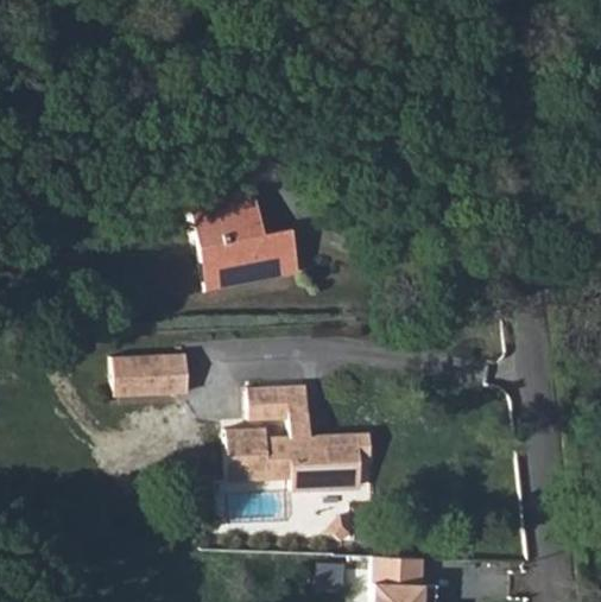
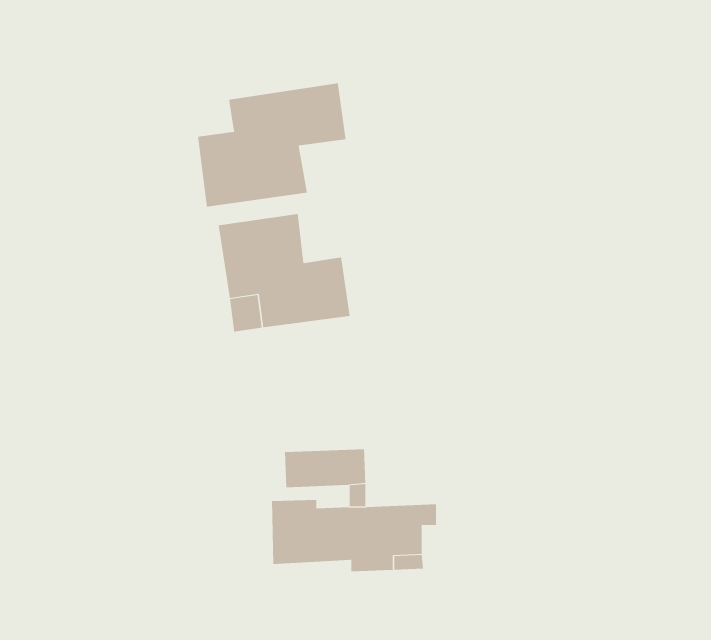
building: none -> [198,83,346,208]
building: [118,354,195,395] -> none

